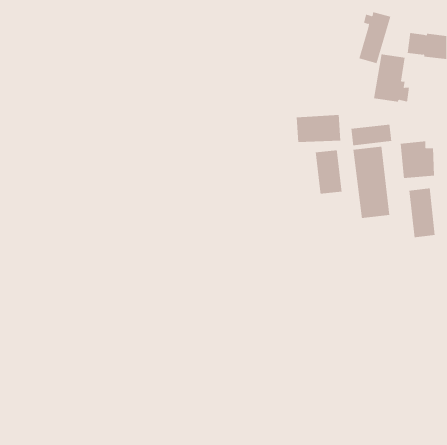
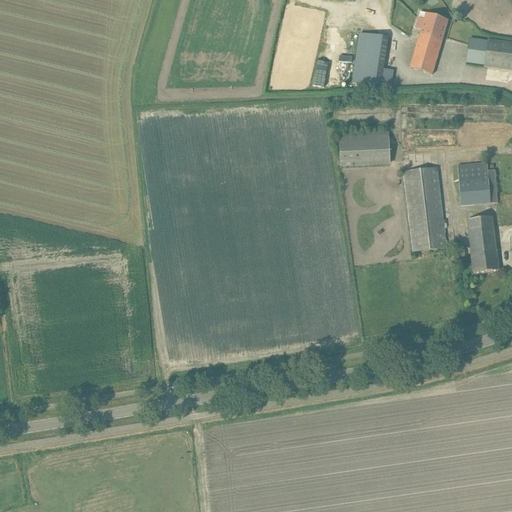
building: [373,54,410,102] -> [351,31,393,86]
building: [351,124,392,146] -> none
building: [315,149,342,195] -> none

